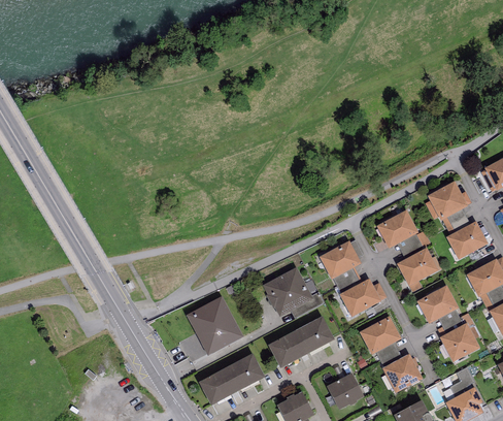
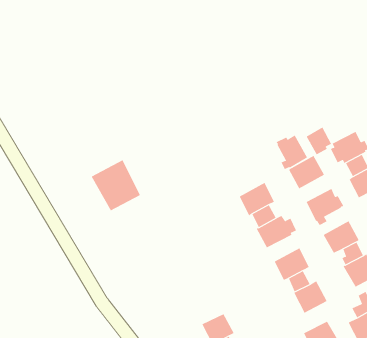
building: none -> [306,127,332,155]
building: none -> [276,134,308,170]
building: [263,267,313,317] -> none
building: [186,295,243,355] -> [91,159,141,211]
building: [268,316,335,368] -> none
building: [199,353,265,406] -> none
building: [327,373,365,410] -> none

